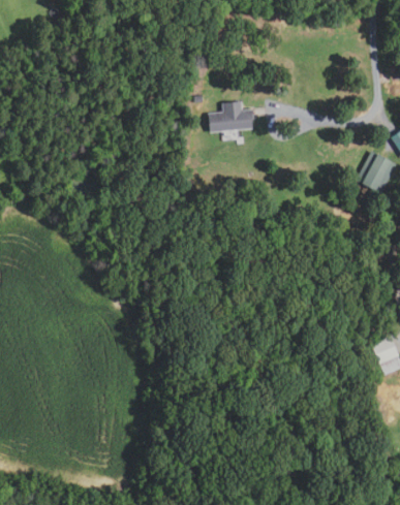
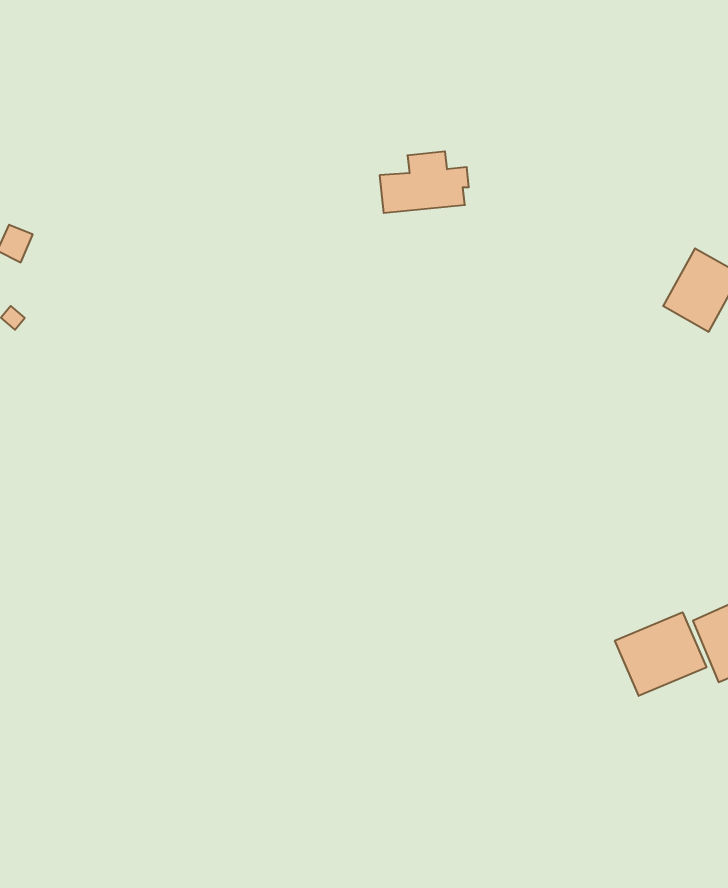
building: none -> [615,612,706,696]

